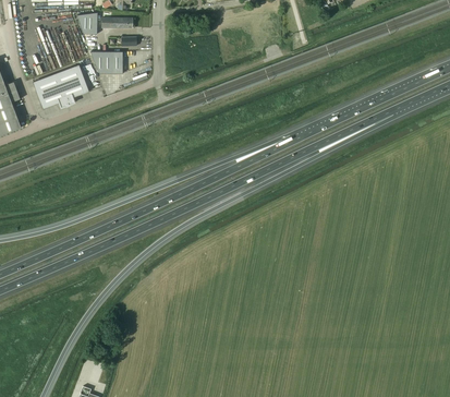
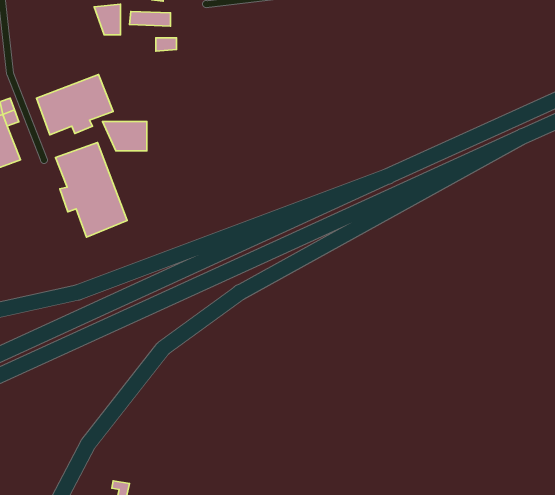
building: [89,51,122,73] -> [103,122,147,151]
building: none -> [56,142,127,237]

